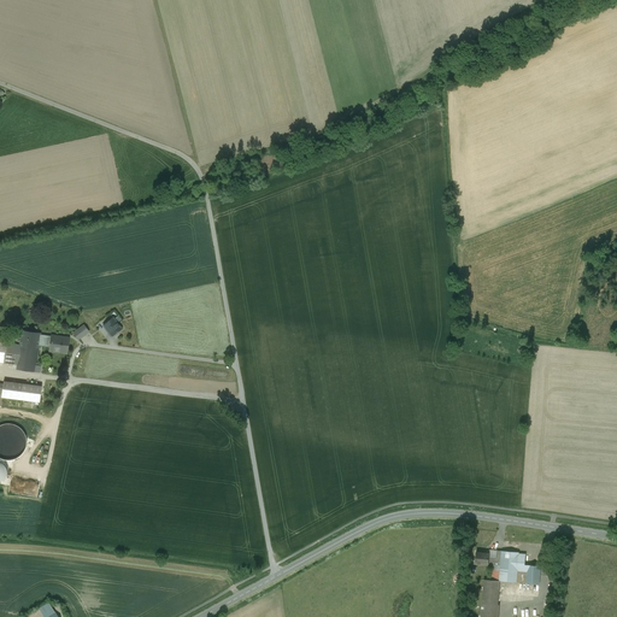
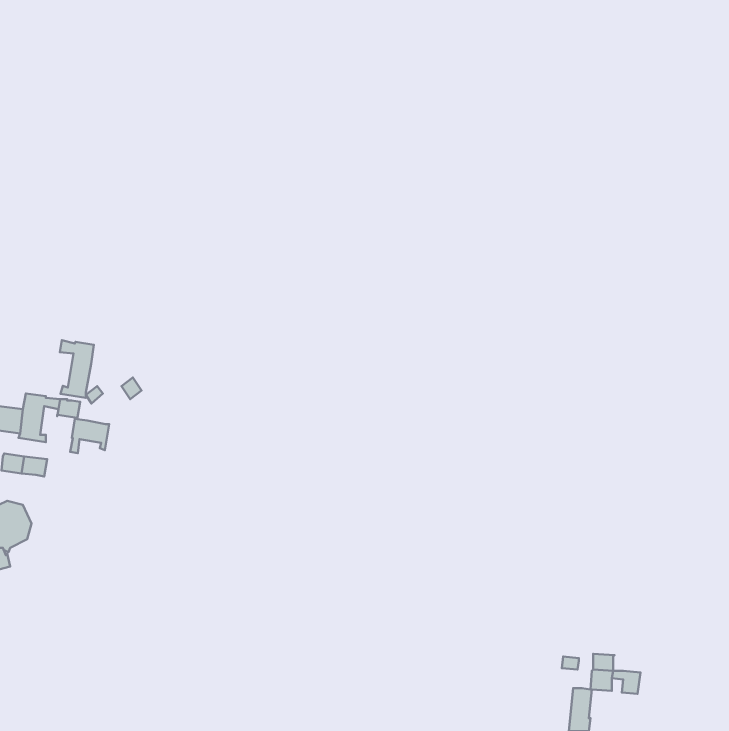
building: none -> [60,340,94,398]
building: none -> [70,419,109,453]

